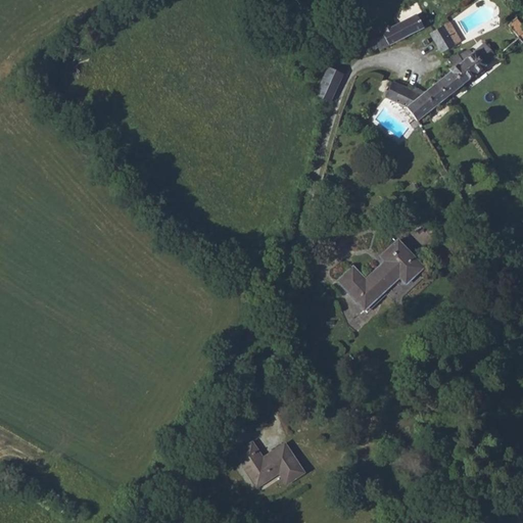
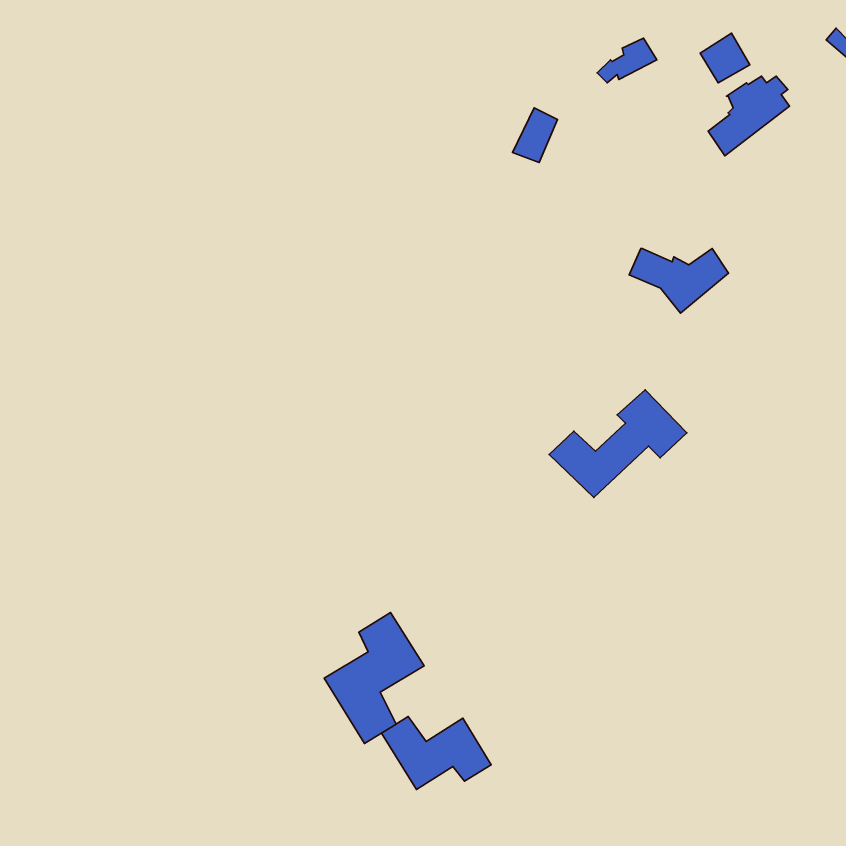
building: [397,10,428,37] -> none
building: [386,81,447,121] -> [629,248,729,313]
building: none -> [324,613,424,743]

